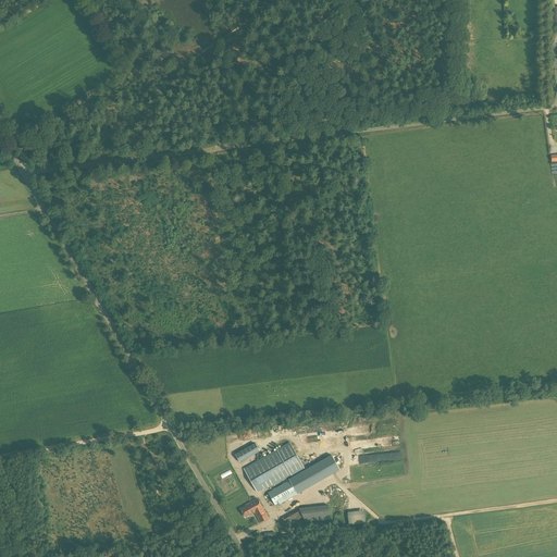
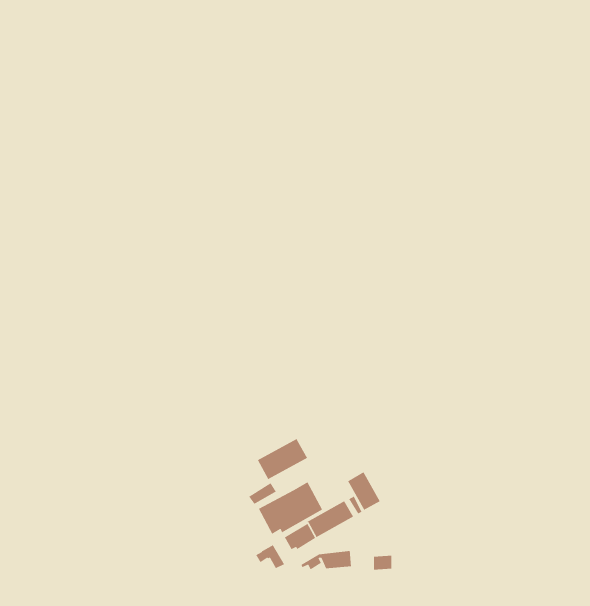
building: none -> [257,438,308,480]
building: none -> [347,471,381,511]

